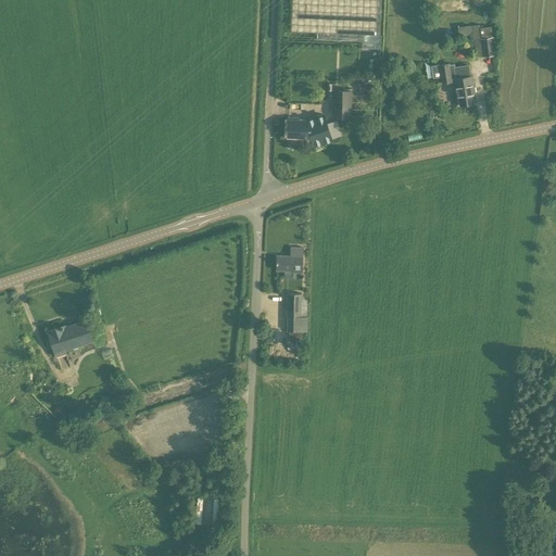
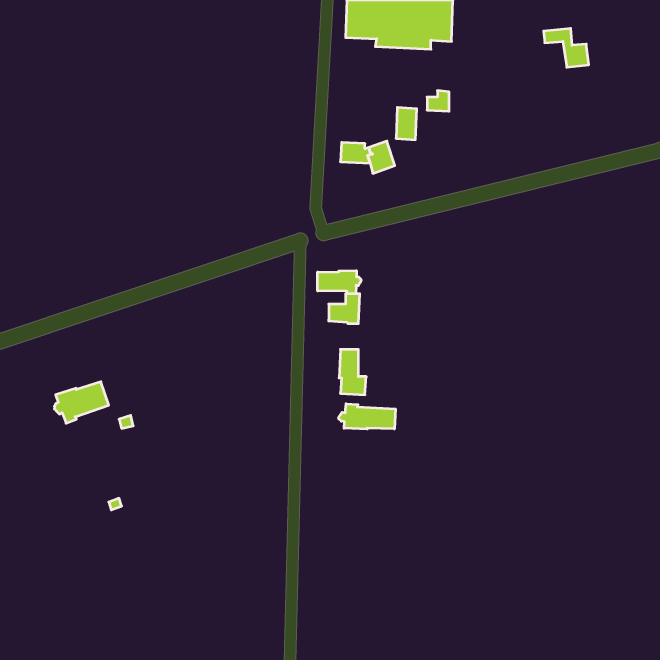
building: [438,63,473,106] -> none
building: none -> [318,271,361,294]
building: none -> [339,404,395,429]

